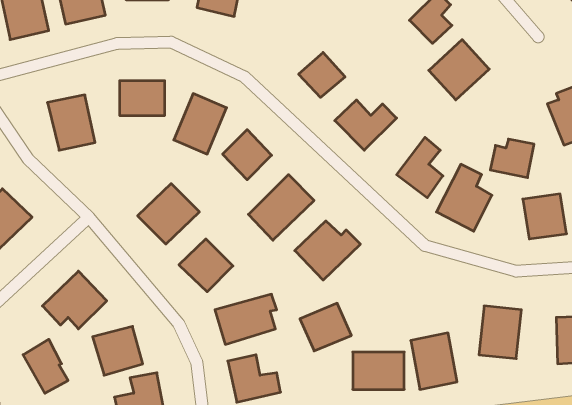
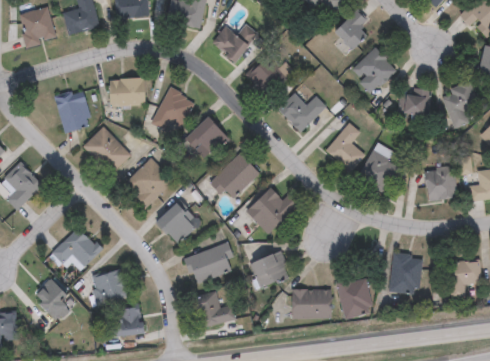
building: none -> [212,25,257,62]
building: [490,139,534,178] -> [398,87,432,117]
building: none -> [82,127,130,175]

